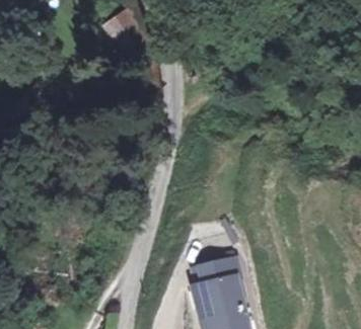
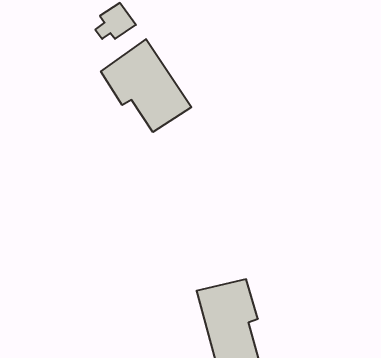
building: none -> [101,39,191,132]

